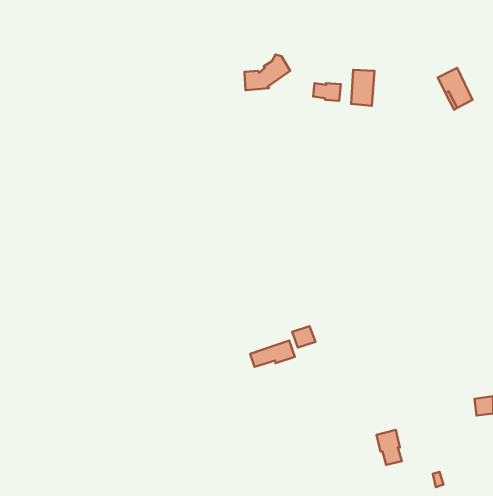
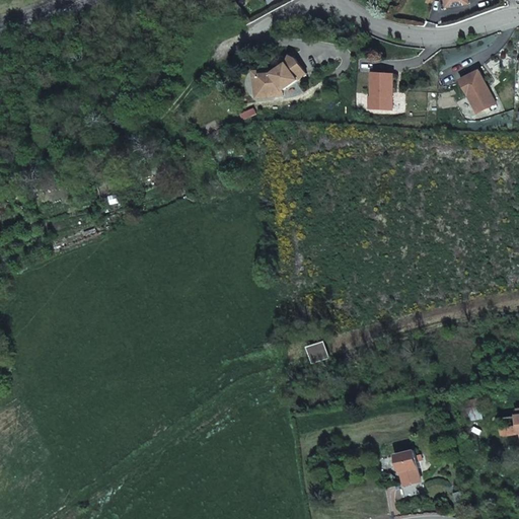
building: [313,83,341,101] -> none
building: [250,340,295,367] -> none

